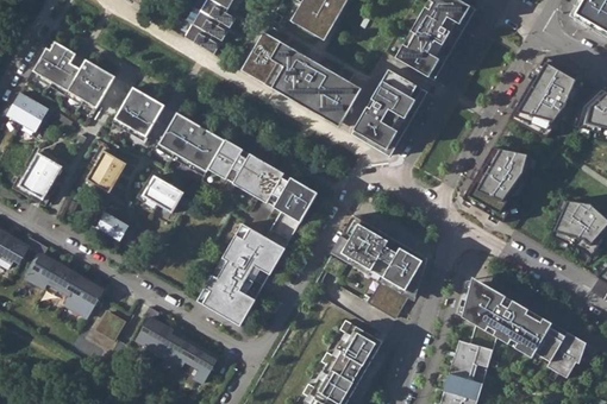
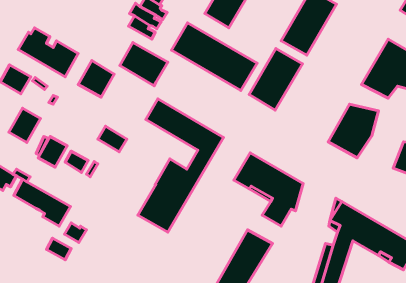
building: [158,112,225,172] -> [120,42,168,86]
building: [86,150,126,192] -> [38,137,67,167]
building: [136,307,219,381] -> none

